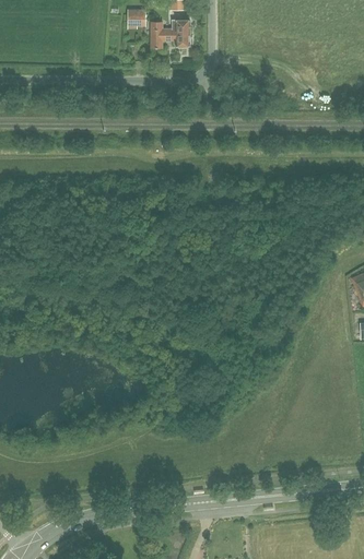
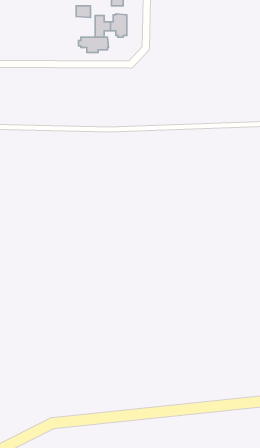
building: none -> [79,37,109,52]

